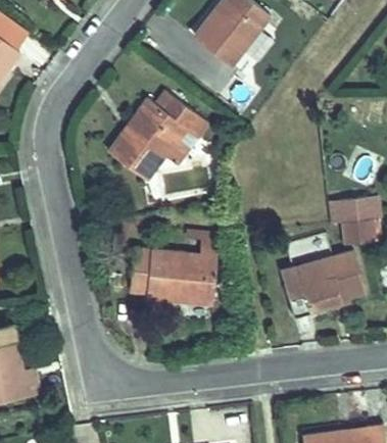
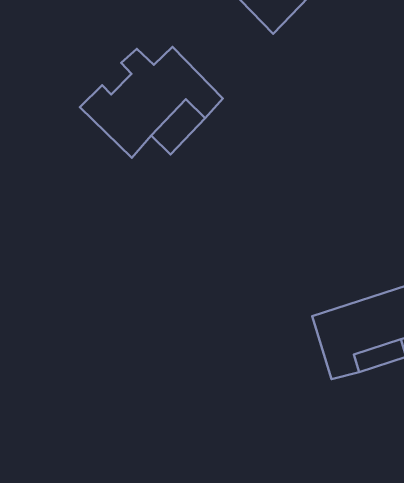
building: [129,226,210,305] -> none

